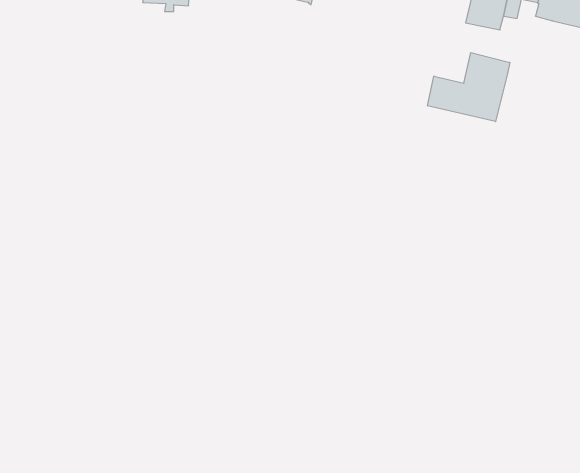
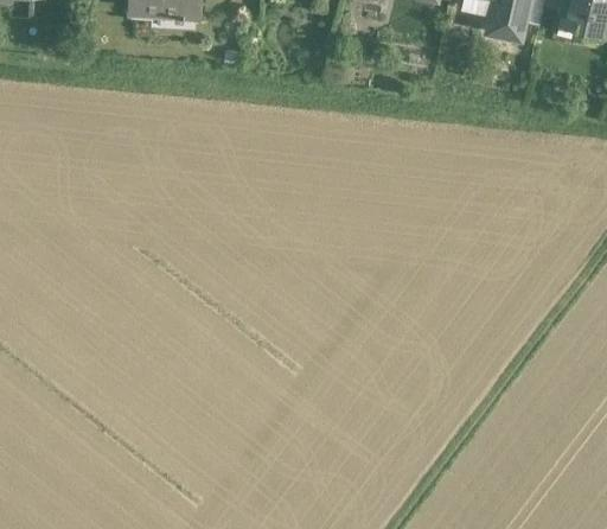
building: [427,53,510,122] -> none

